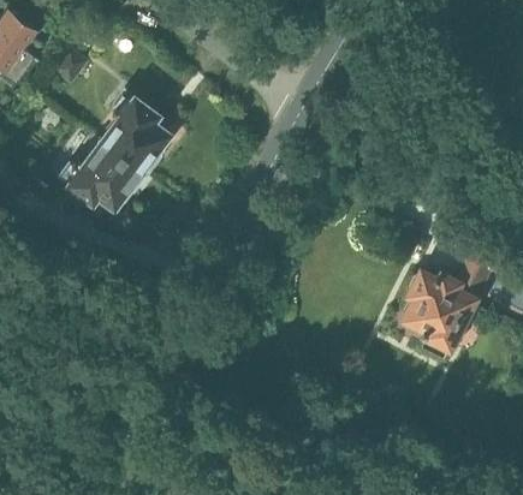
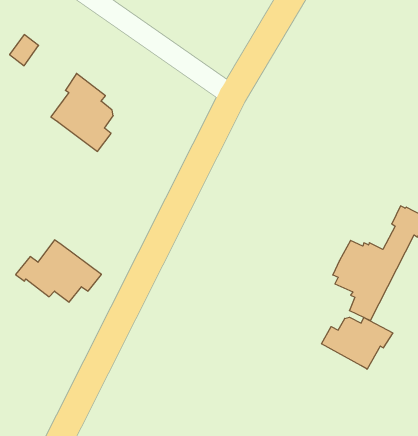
building: [58,141,150,208] -> [16,240,101,302]
building: none -> [322,317,393,369]

